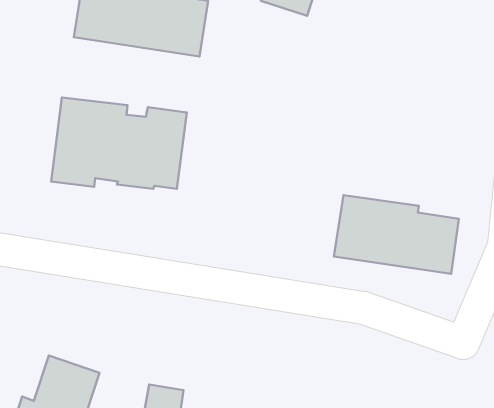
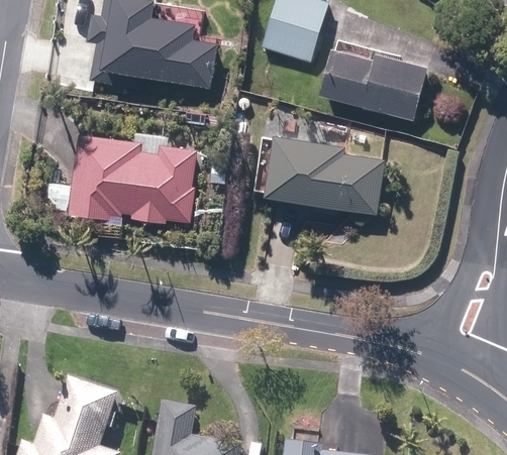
building: none -> [320,52,425,119]
building: [334,195,459,274] -> [265,139,382,213]

